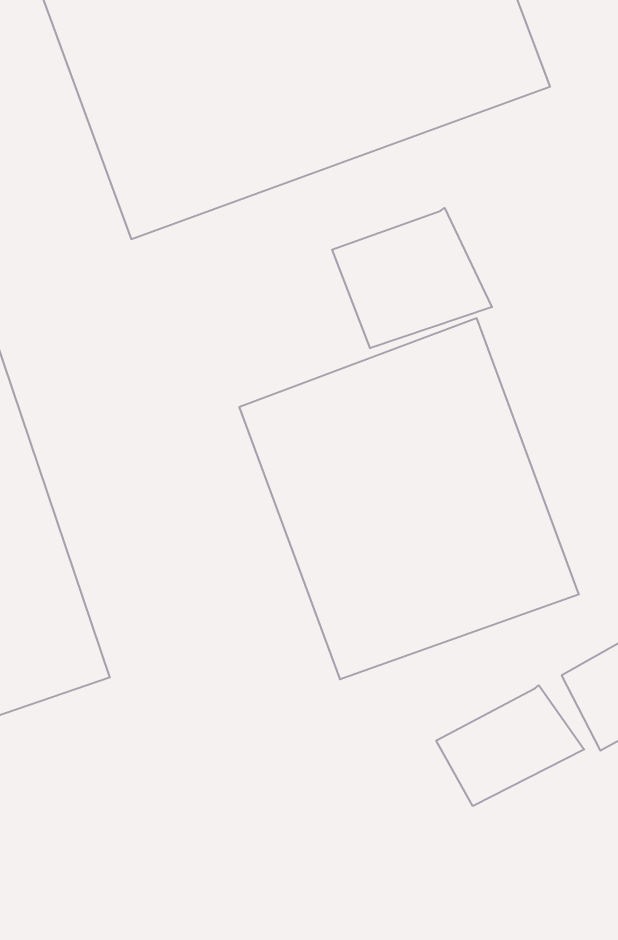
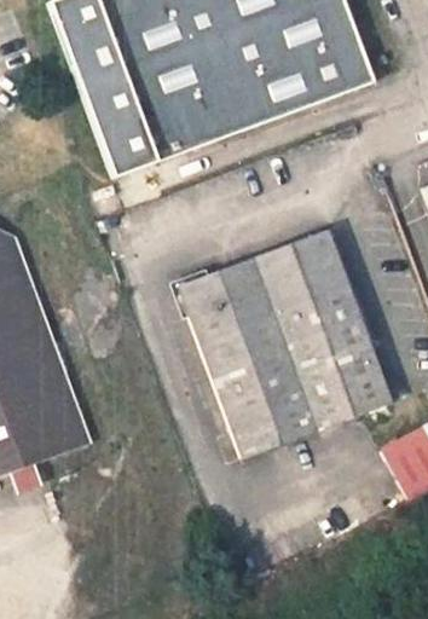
building: [332,208,492,348] -> none
building: [436,685,584,806] -> none

